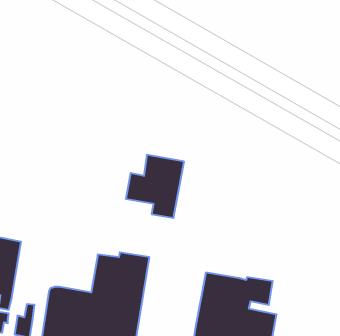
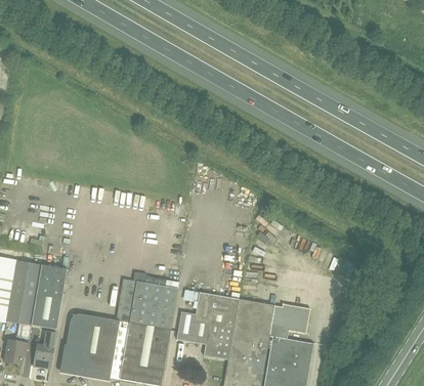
building: [126,155,184,218] -> [175,291,238,358]
building: none -> [30,265,66,329]

